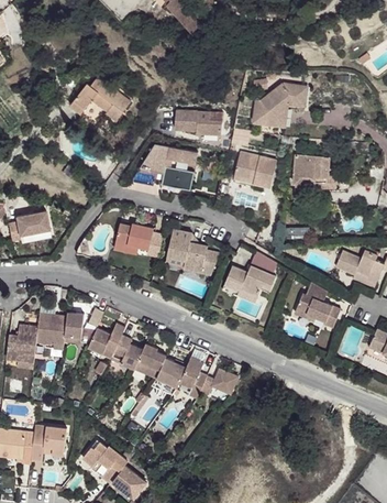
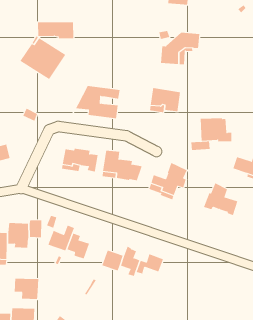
building: [174,110,222,135] -> [37,22,74,39]
building: [294,154,335,187] -> [200,118,232,142]
building: [135,343,166,379] -> none
building: none -> [14,278,39,300]

